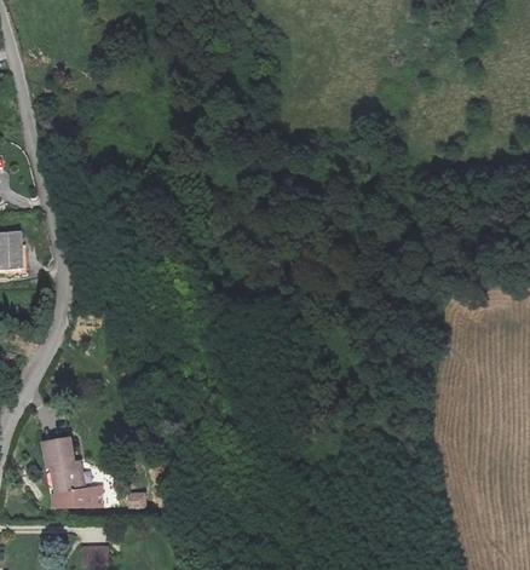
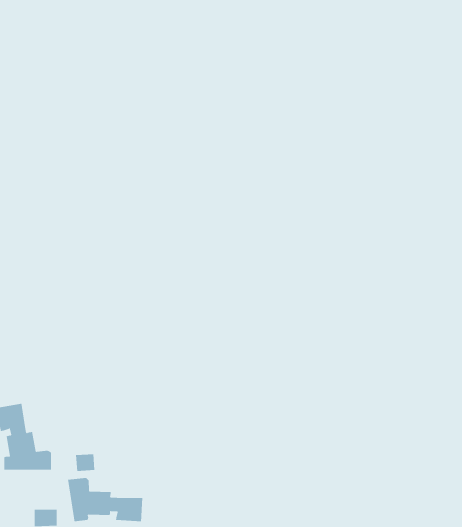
building: none -> [67,477,143,522]

